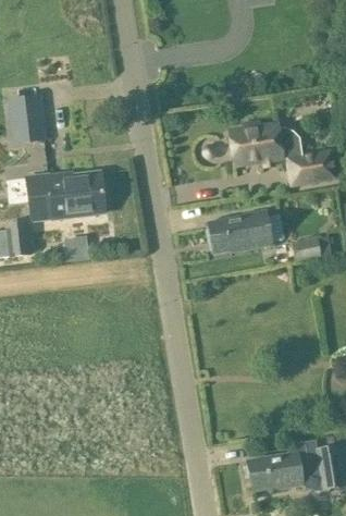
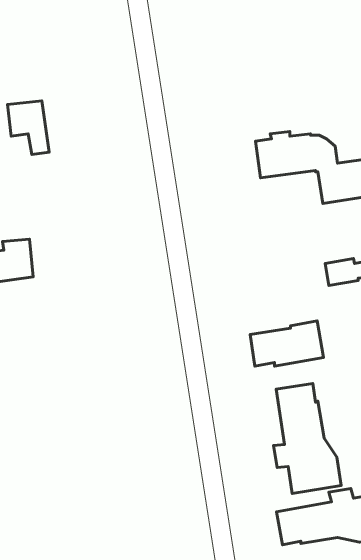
building: [25,171,104,221] -> none
building: [207,212,272,253] -> [250,321,323,366]
building: none -> [273,384,341,494]

